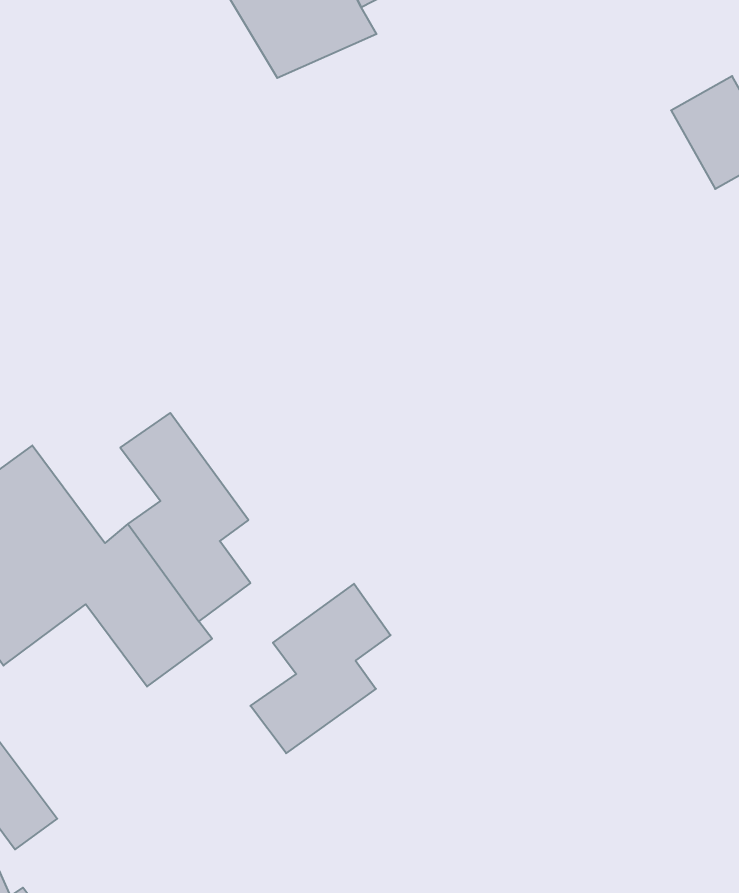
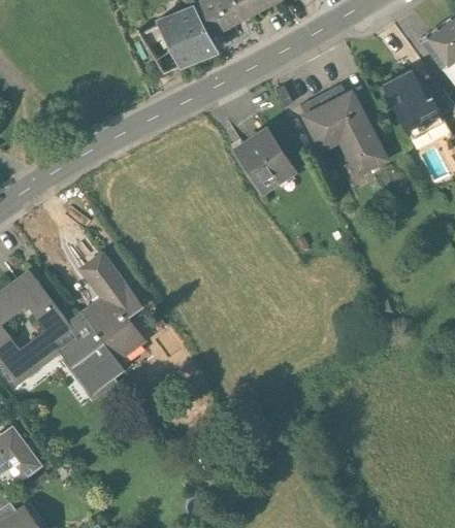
building: none -> [297,90,388,182]
building: none -> [229,128,296,198]
building: [250,584,391,753] -> none

